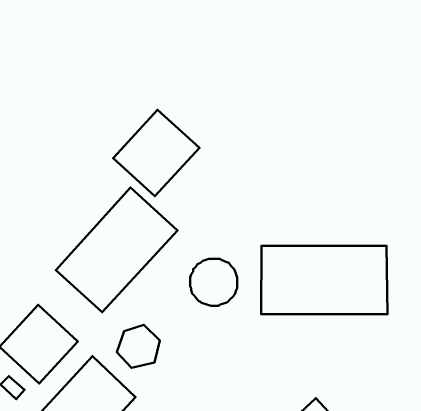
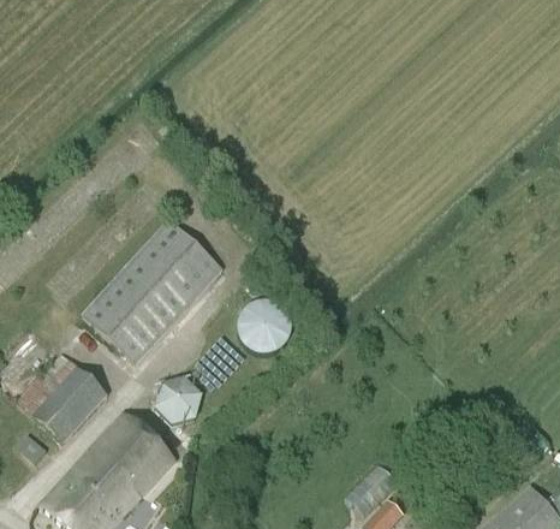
building: [113,110,199,196] -> none
building: [261,246,388,314] -> none

